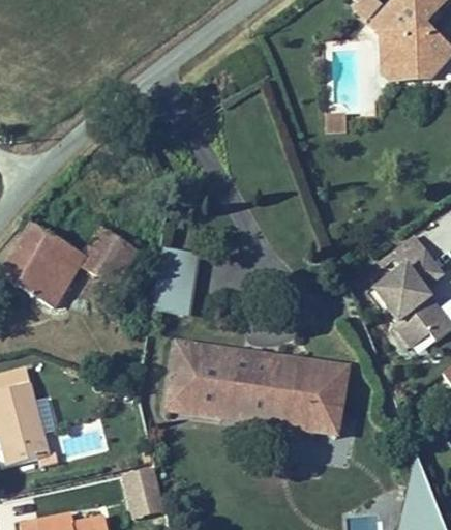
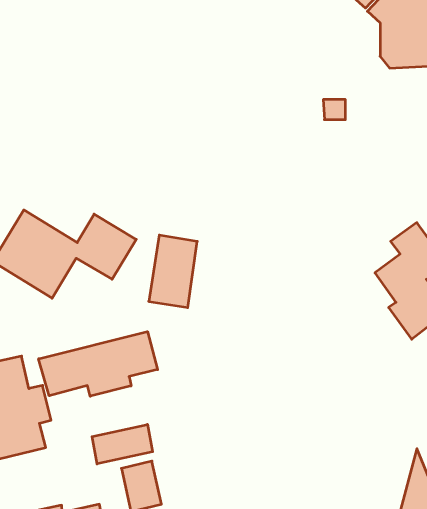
building: [163,338,352,438] -> none
building: none -> [39,332,158,396]
building: none -> [92,424,153,464]

